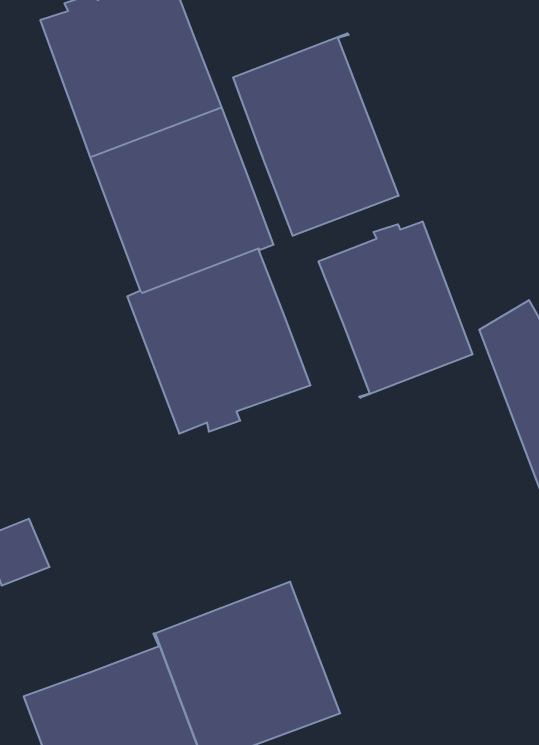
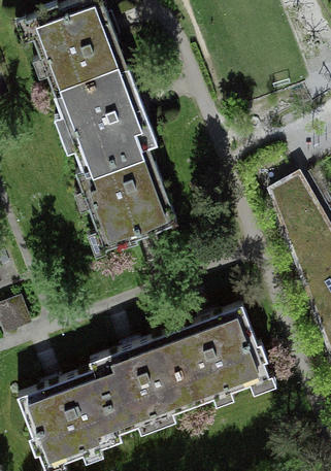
building: [233,33,399,236] -> none
building: [318,221,473,398] -> none
building: none -> [166,306,269,407]

